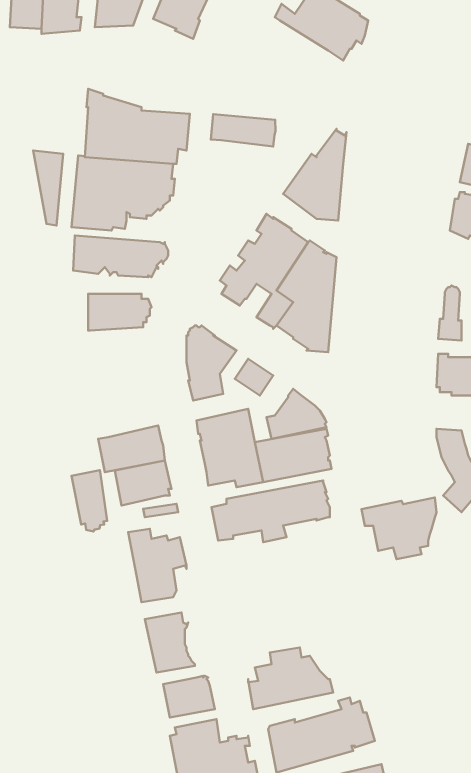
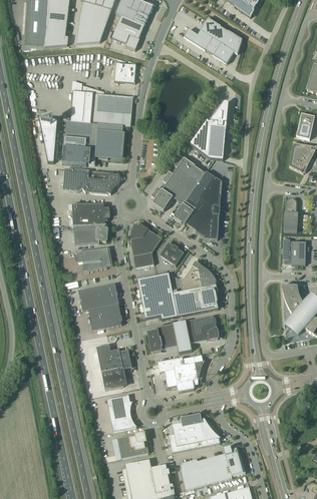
building: [211,114,275,146] -> none
building: none -> [73,223,108,245]
building: none -> [76,247,111,273]
building: [72,470,107,531] -> none
building: [361,498,436,559] -> [157,355,203,392]

